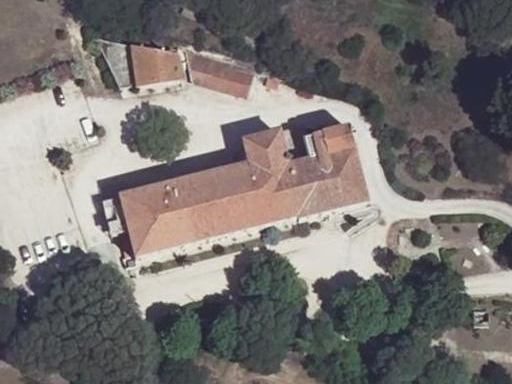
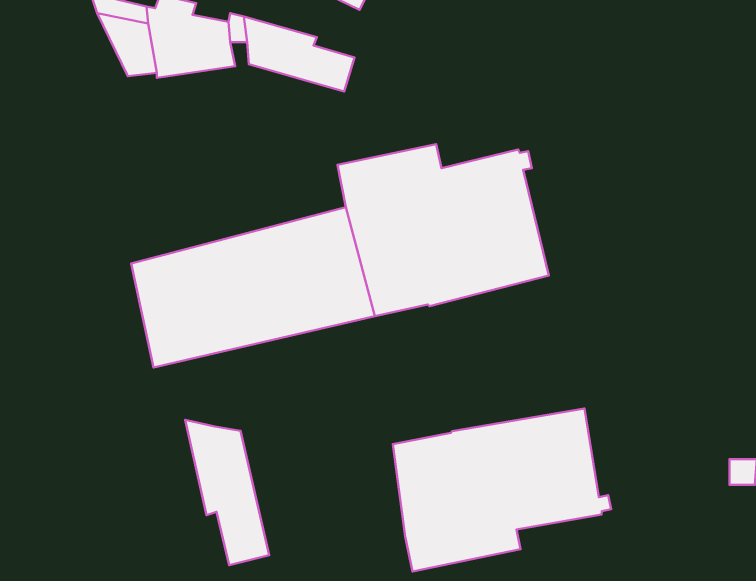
building: none -> [393,409,611,572]
building: none -> [185,420,269,565]

